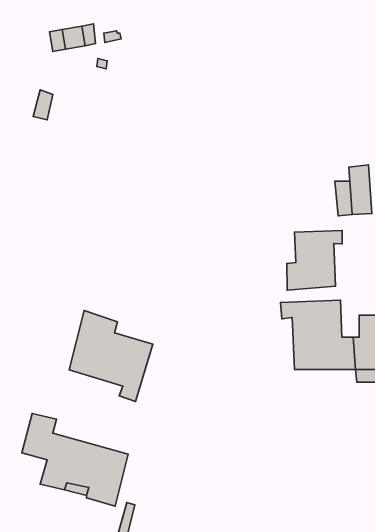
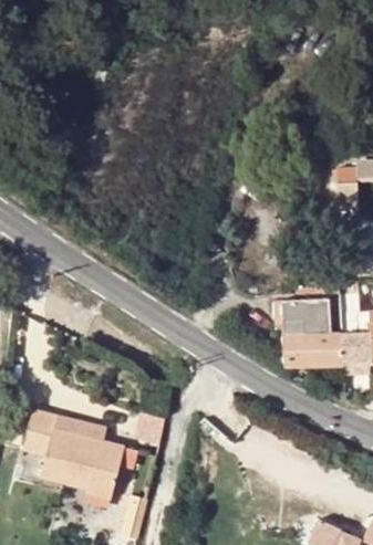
building: [287,230,342,290] -> none
building: [69,311,153,401] -> none

